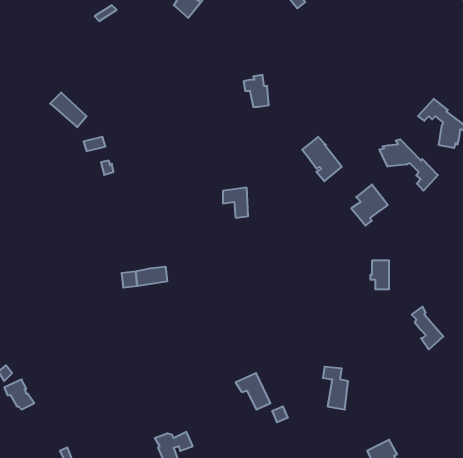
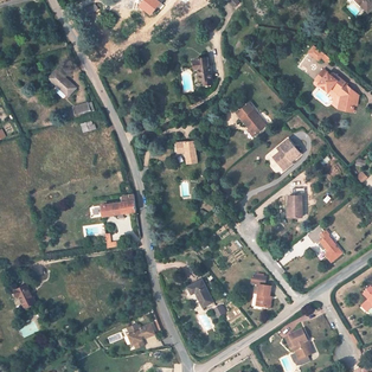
building: [380,139,438,191] -> none

